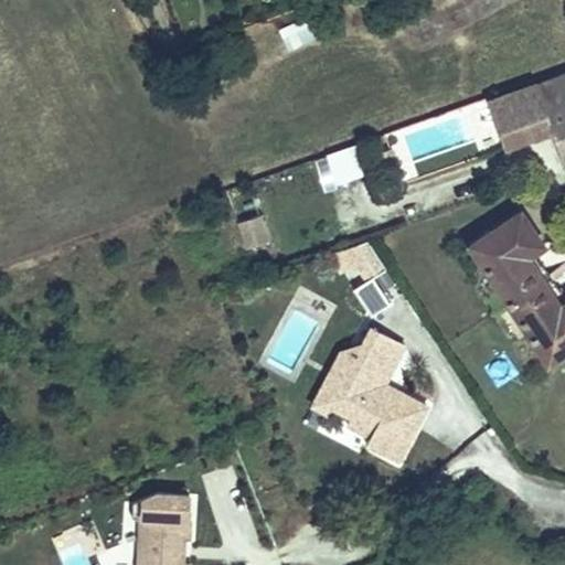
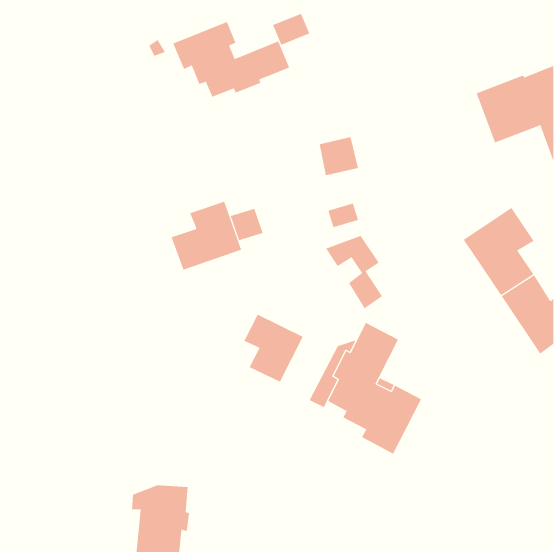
building: none -> [173,21,290,97]
building: none -> [171,201,242,270]
building: none -> [244,314,303,383]

